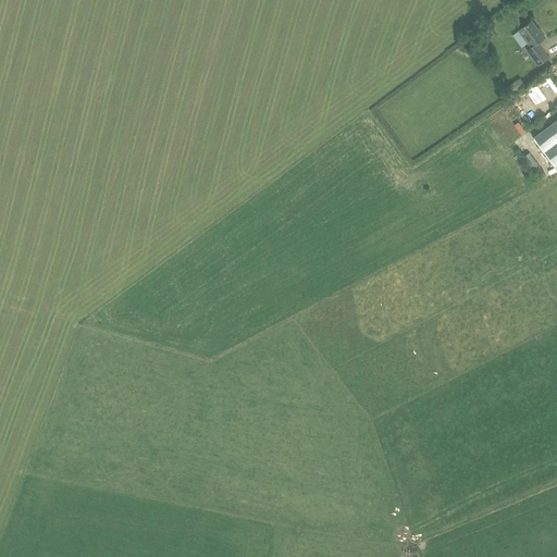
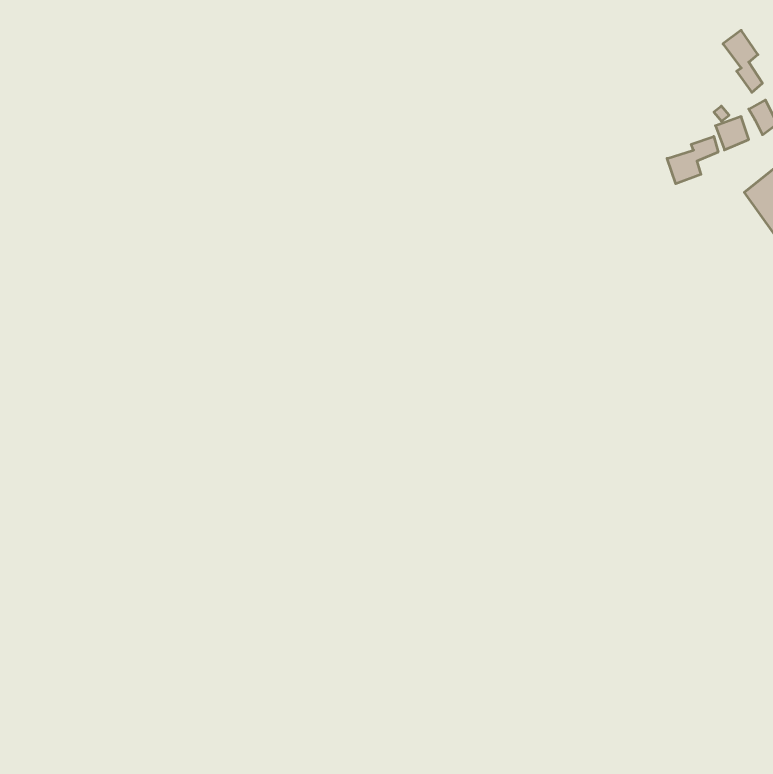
building: none -> [667,136,718,184]

